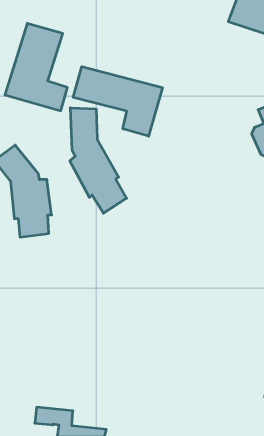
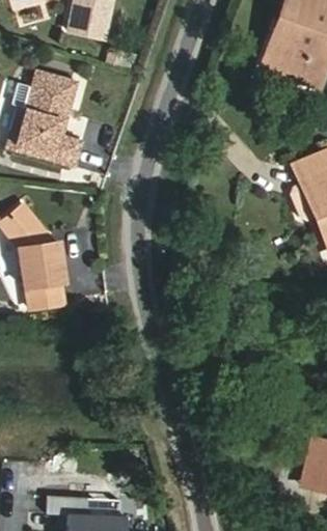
building: [73,67,162,136] -> none
building: [70,108,127,213] -> none

